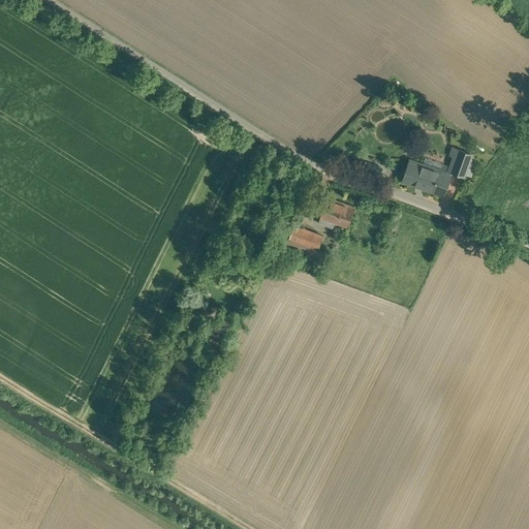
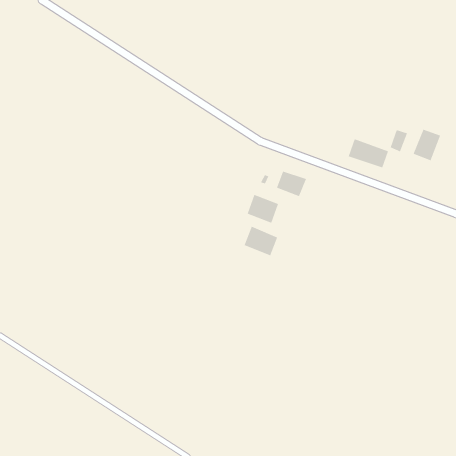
building: none -> [413,129,441,161]
building: none -> [244,226,278,256]

